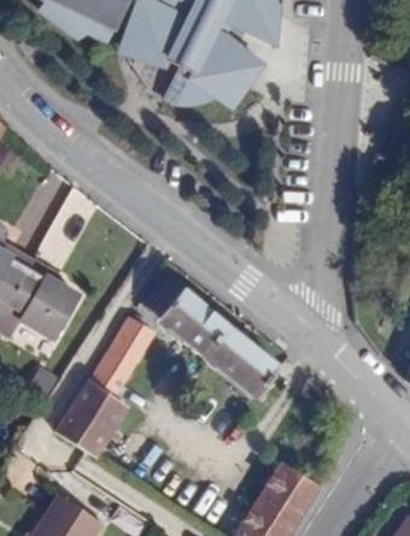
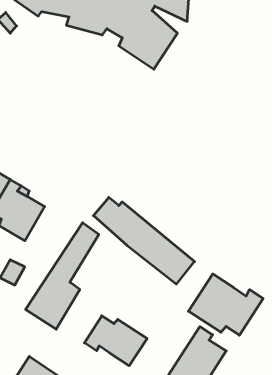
building: none -> [188,274,263,335]
building: none -> [84,316,147,366]

